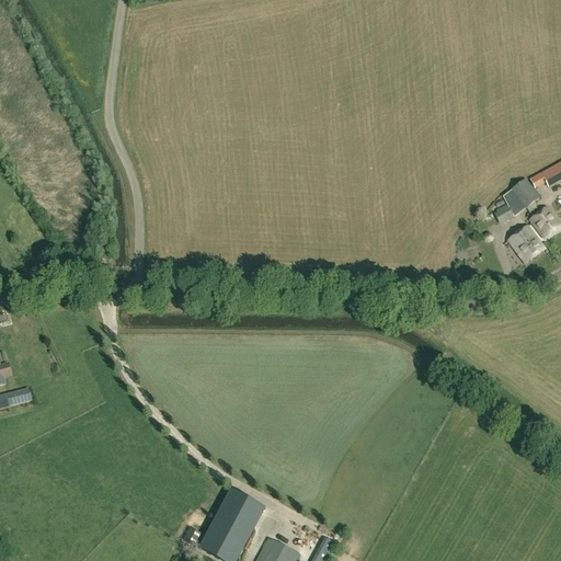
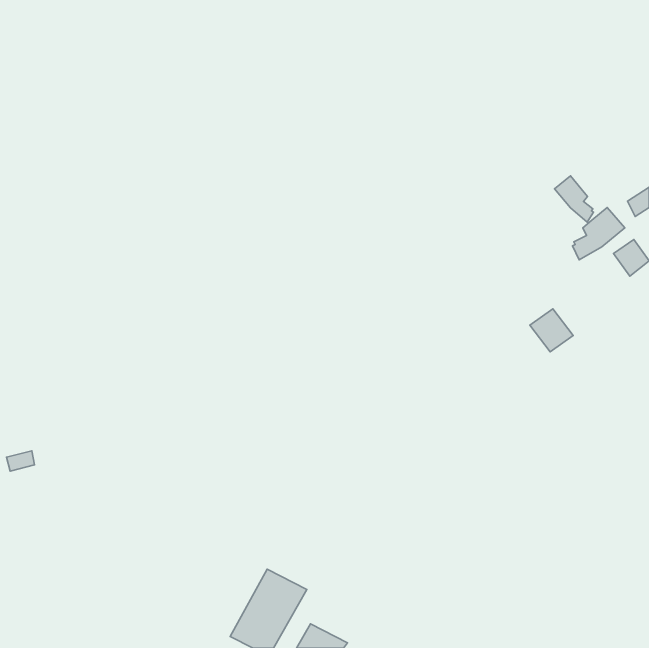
building: none -> [554,176,594,222]
building: [507,226,545,263] -> [530,309,573,352]

